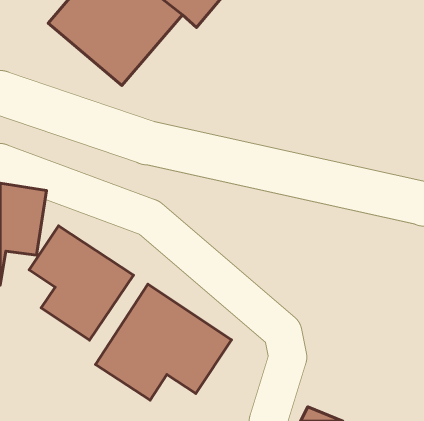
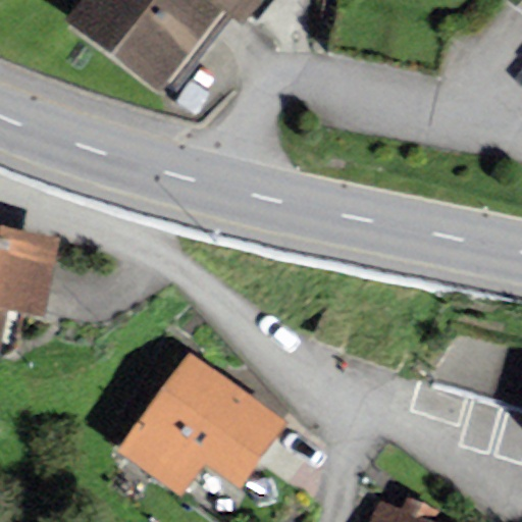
building: [29,226,134,340] -> none

